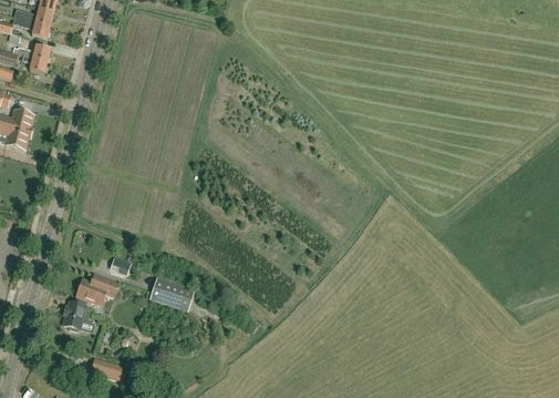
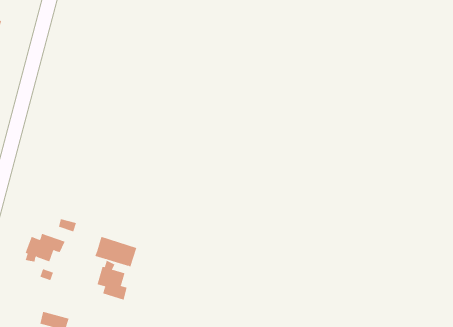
building: [64,302,90,331] -> none
building: none -> [97,260,127,301]

